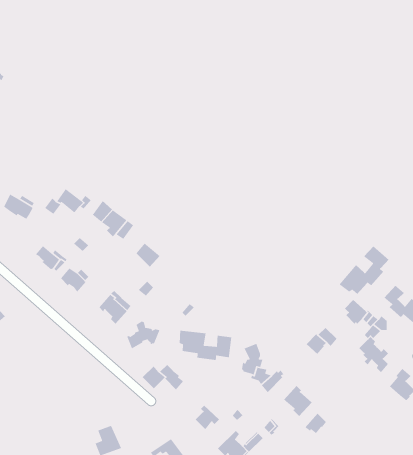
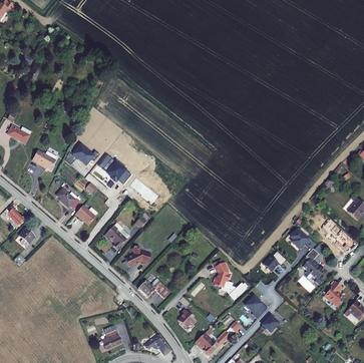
building: [339,246,389,295] -> none
building: [179,330,232,361] -> none

